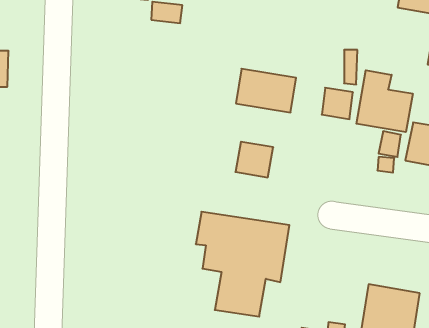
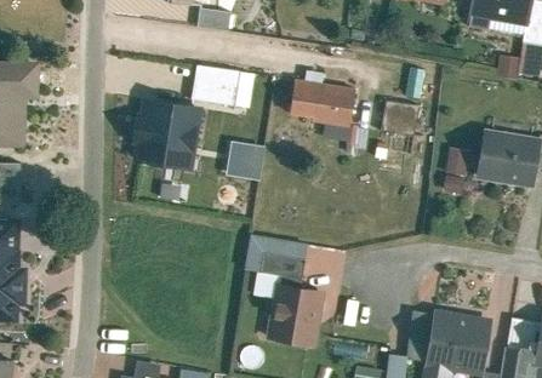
building: none -> [190,64,240,107]
building: [356,70,413,132] -> none
building: none -> [132,98,200,170]
building: [235,142,273,177] -> [223,142,264,181]

